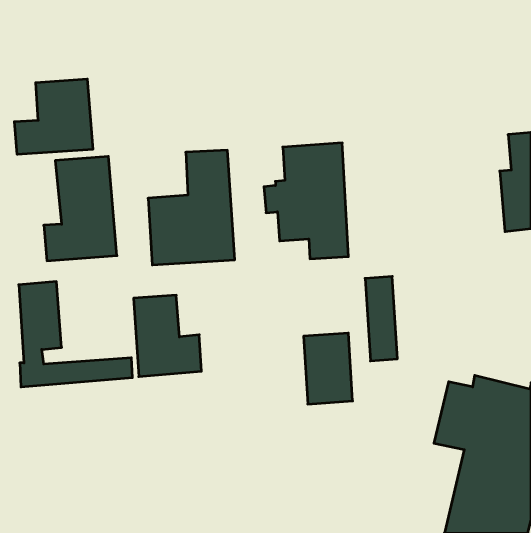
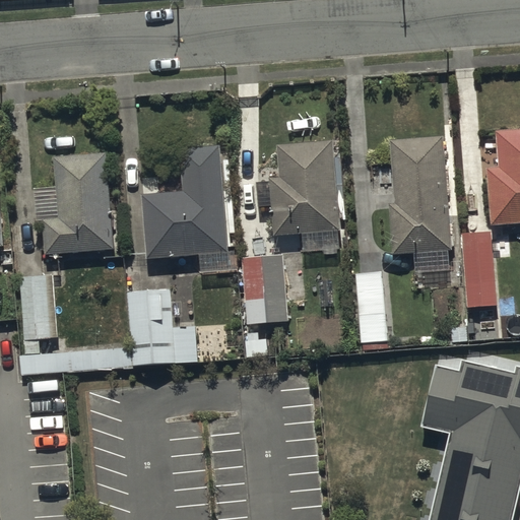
building: [14,79,93,154] -> none
building: none -> [388,135,452,255]
building: none -> [460,231,496,307]
building: [304,333,353,404] -> [241,255,288,324]

